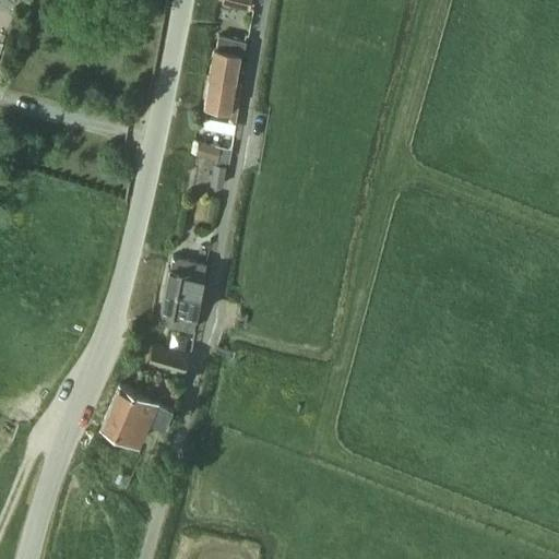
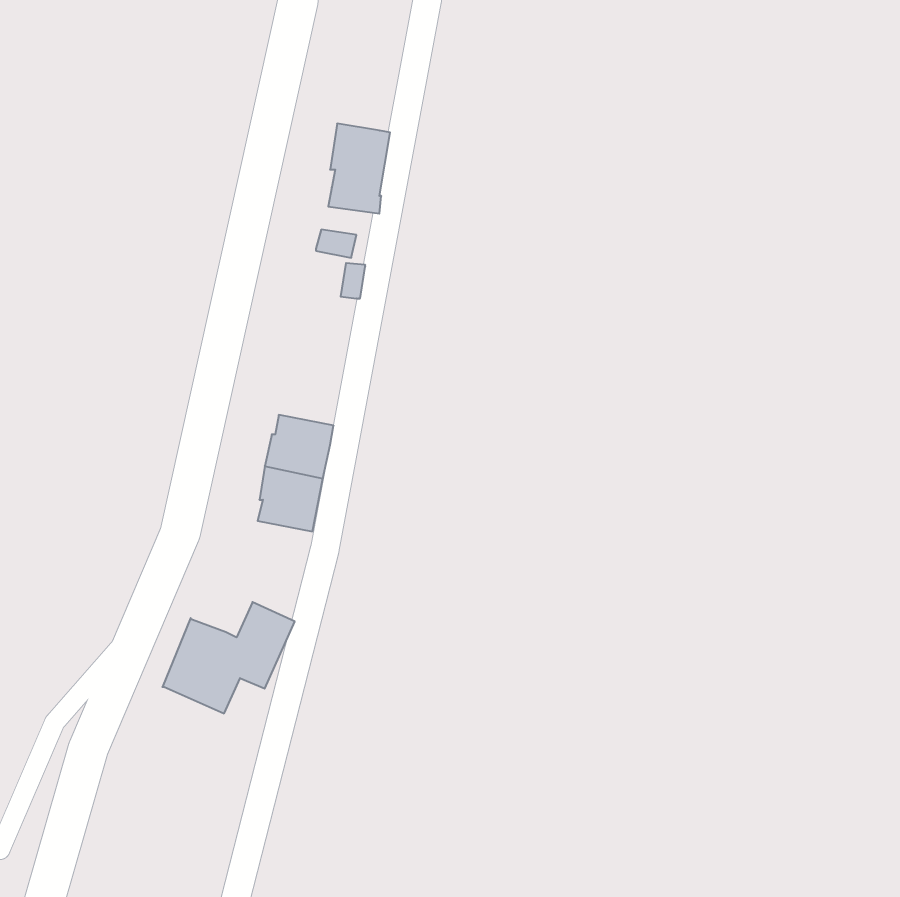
building: [210,39,246,84] -> none
building: [151,348,188,376] -> none

